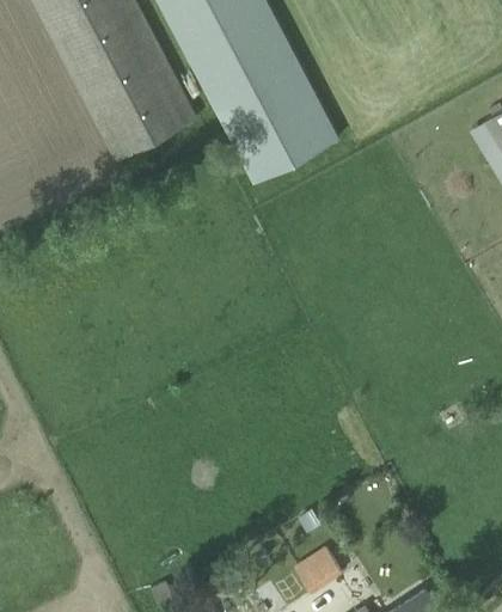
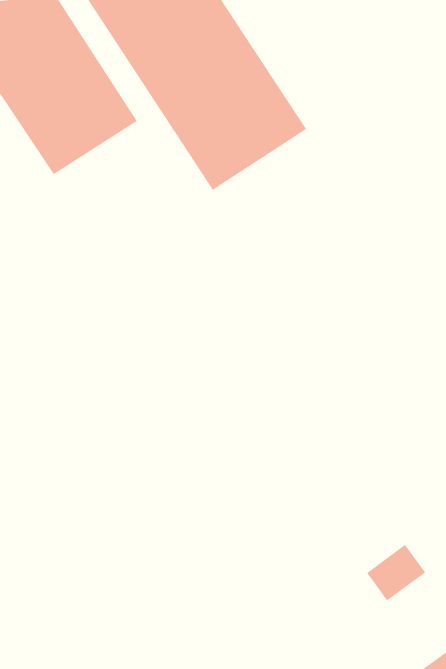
building: [290,547,342,595] -> [366,544,426,601]

